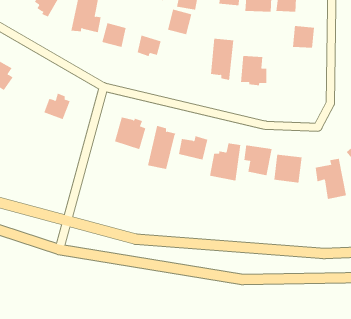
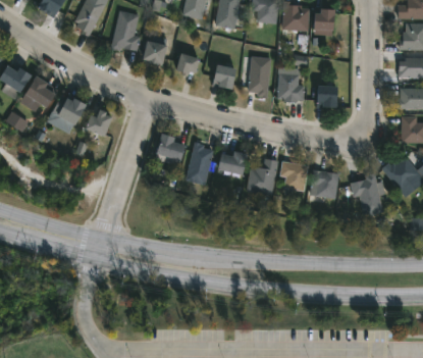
building: [167,9,192,35] -> [211,64,235,90]
building: [292,26,315,48] -> [315,86,337,108]
building: none -> [51,95,85,125]

